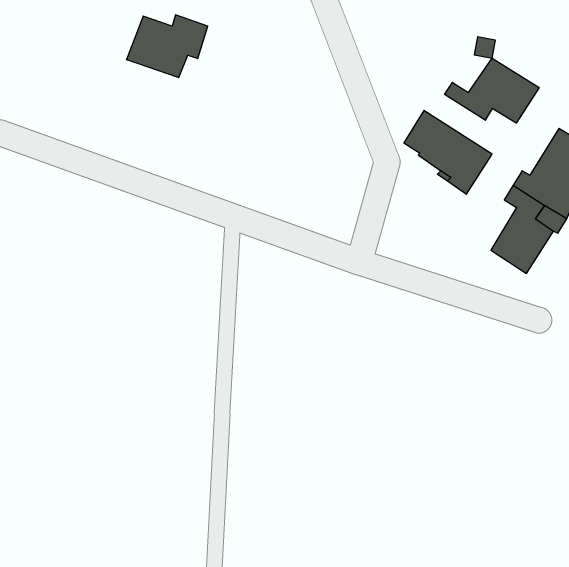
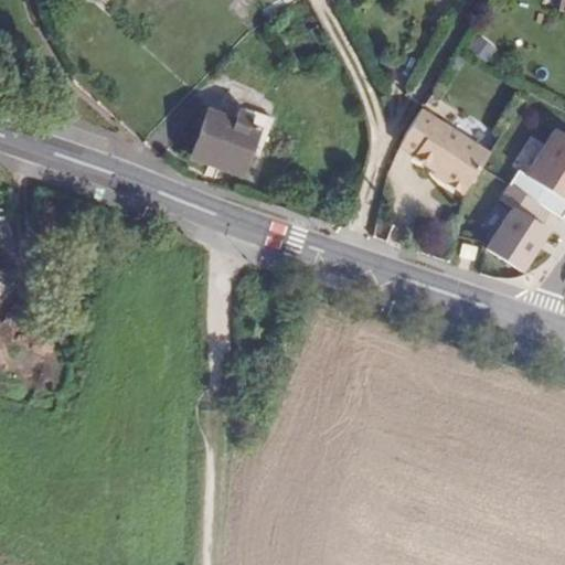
building: [126,15,208,77] -> [191,109,271,171]
building: [445,58,539,123] -> none

